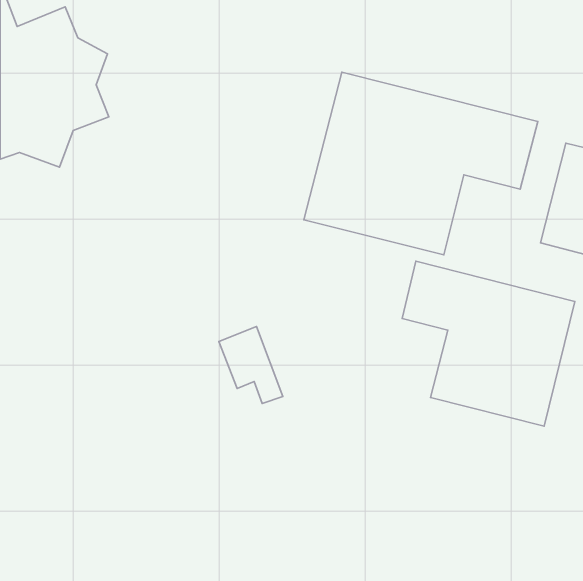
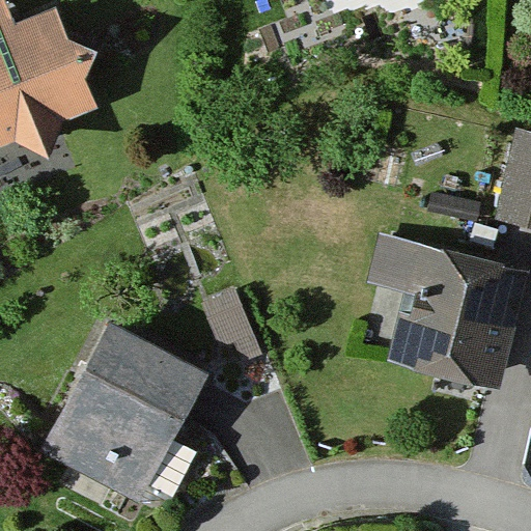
building: [304,72,538,255] -> none
building: none -> [40,320,206,502]

